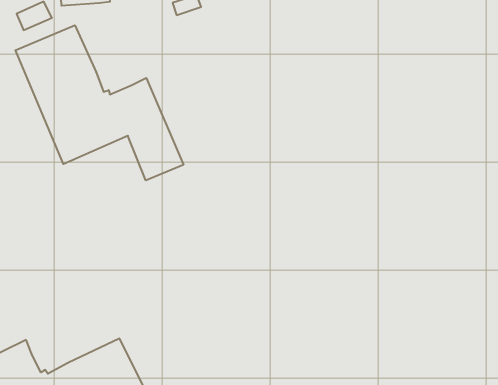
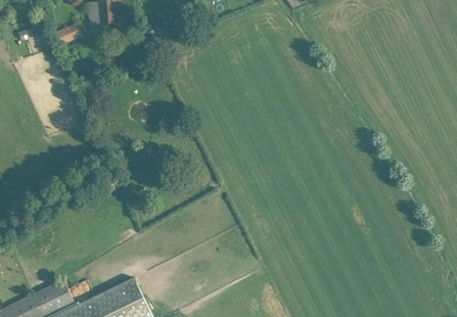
building: [15,25,183,180] -> none

